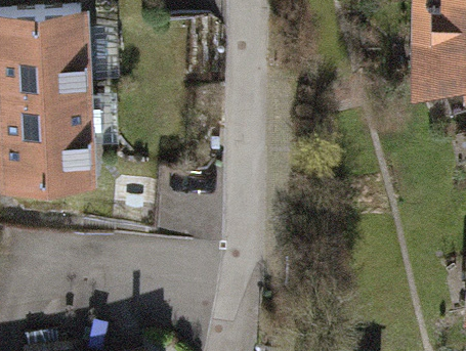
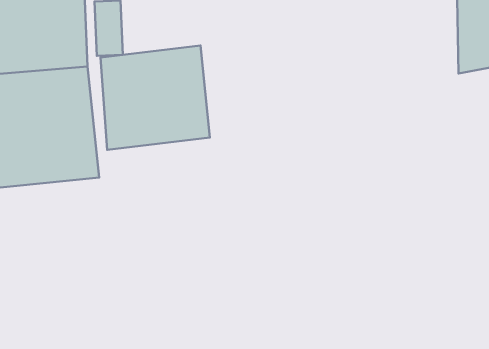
building: none -> [100,45,210,150]

